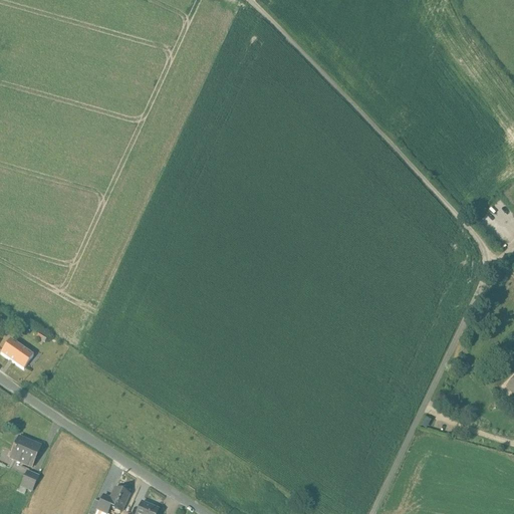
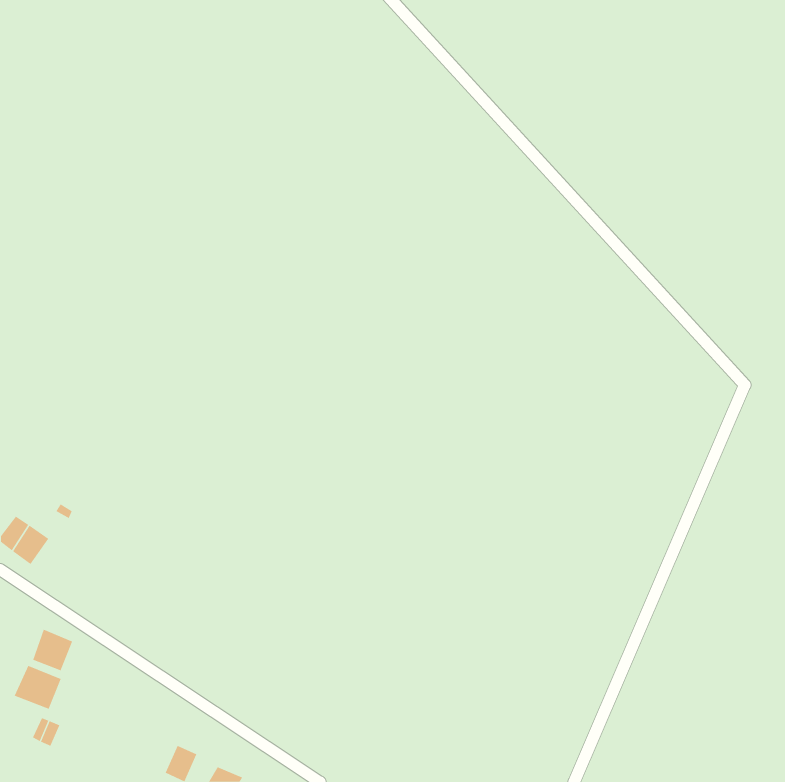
building: none -> [32,629,73,671]

